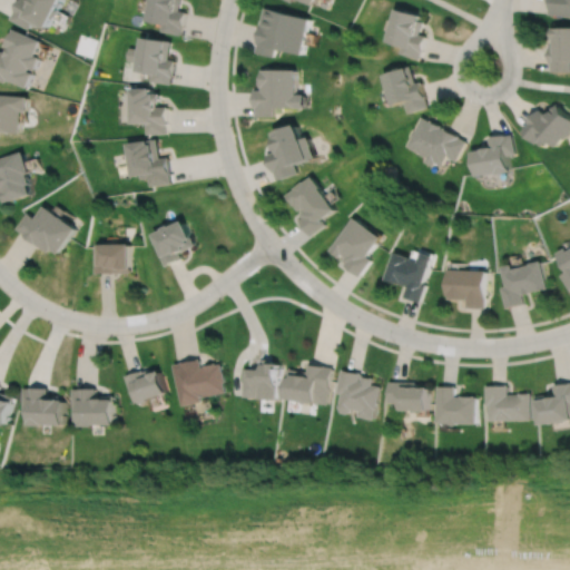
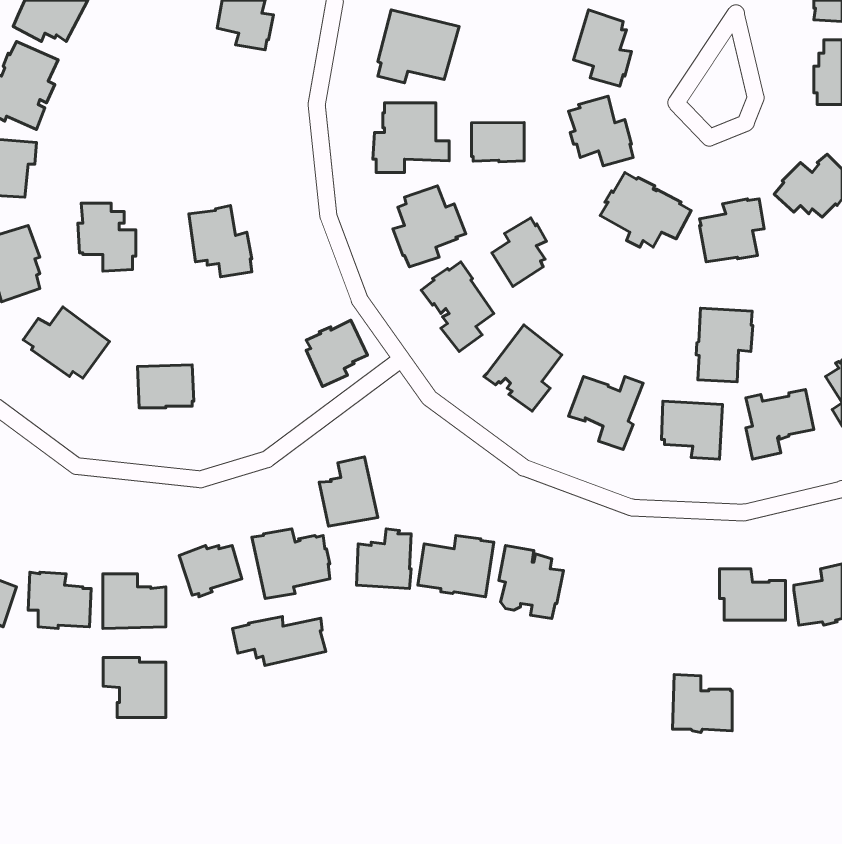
building: [125,38,173,85] -> none
building: none -> [471,122,524,162]
building: [127,90,166,136] -> [78,203,136,271]
building: none -> [492,218,547,287]
building: none -> [696,308,753,382]
building: [153,224,194,268] -> [306,320,367,387]
building: none -> [319,457,378,526]
building: [386,381,428,409] -> none
building: [434,384,474,423] -> [673,674,732,732]
building: none -> [232,616,326,665]
building: none -> [103,658,166,718]

